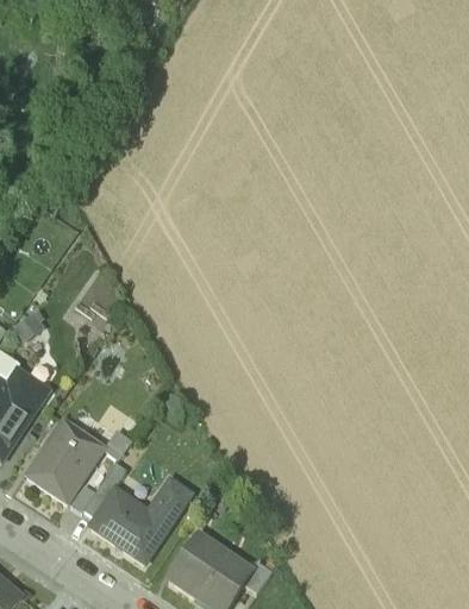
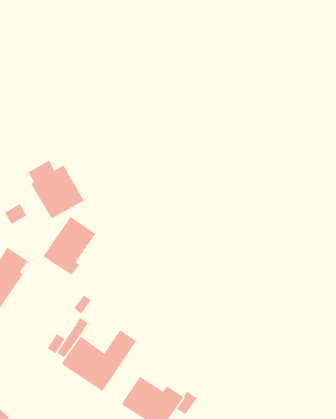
building: none -> [25,160,84,219]
building: [26,421,98,501] -> [43,216,96,276]

